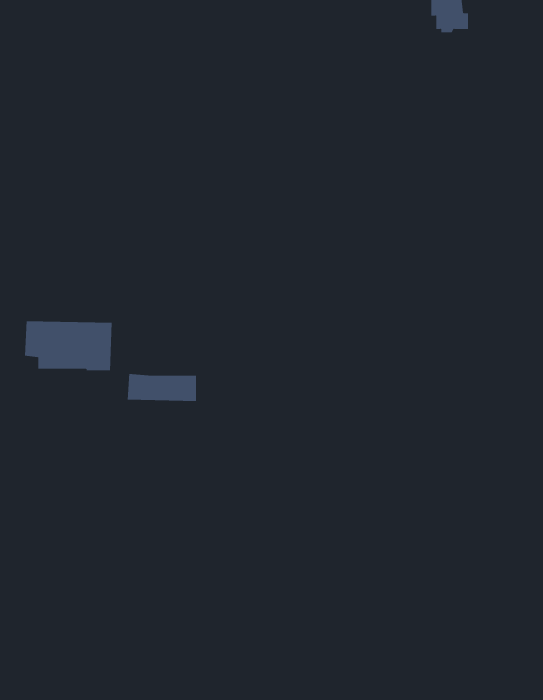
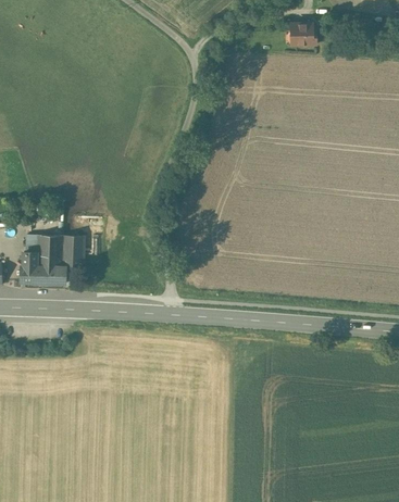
building: [127,373,197,402] -> [20,264,65,283]

